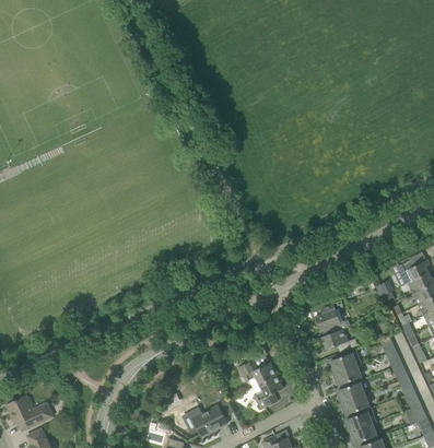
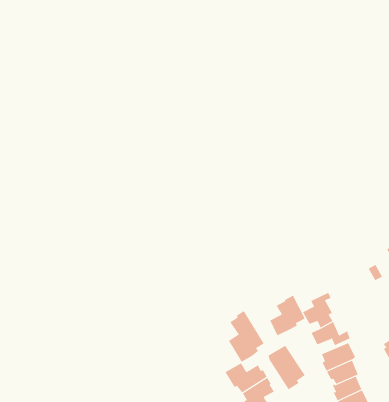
building: none -> [269,295,305,336]
building: none -> [228,310,264,362]
building: none -> [268,345,306,390]

